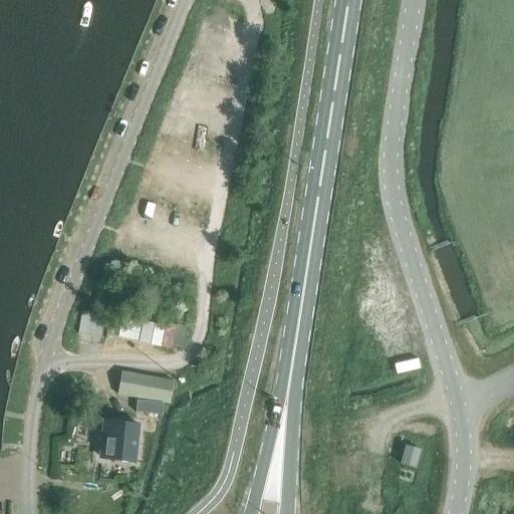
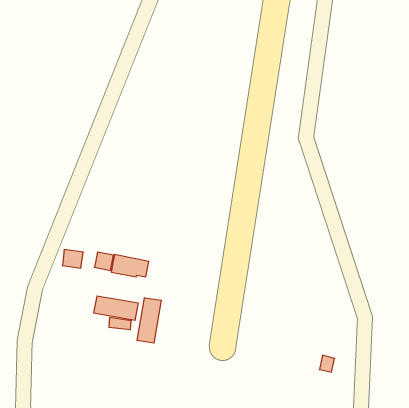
building: none -> [137,298,161,343]
building: [100,421,139,461] -> none

